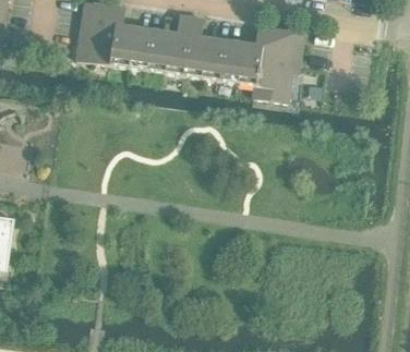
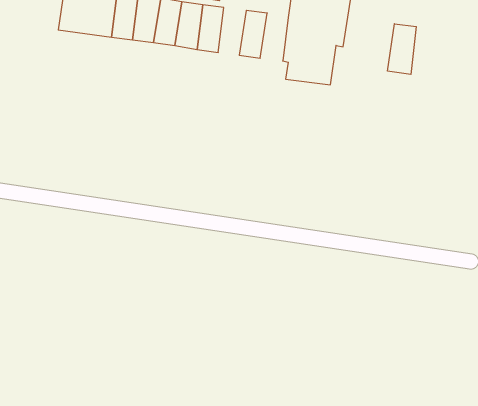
building: [200,41,221,78] -> none
building: [232,46,254,83] -> none
building: none -> [388,24,416,74]

